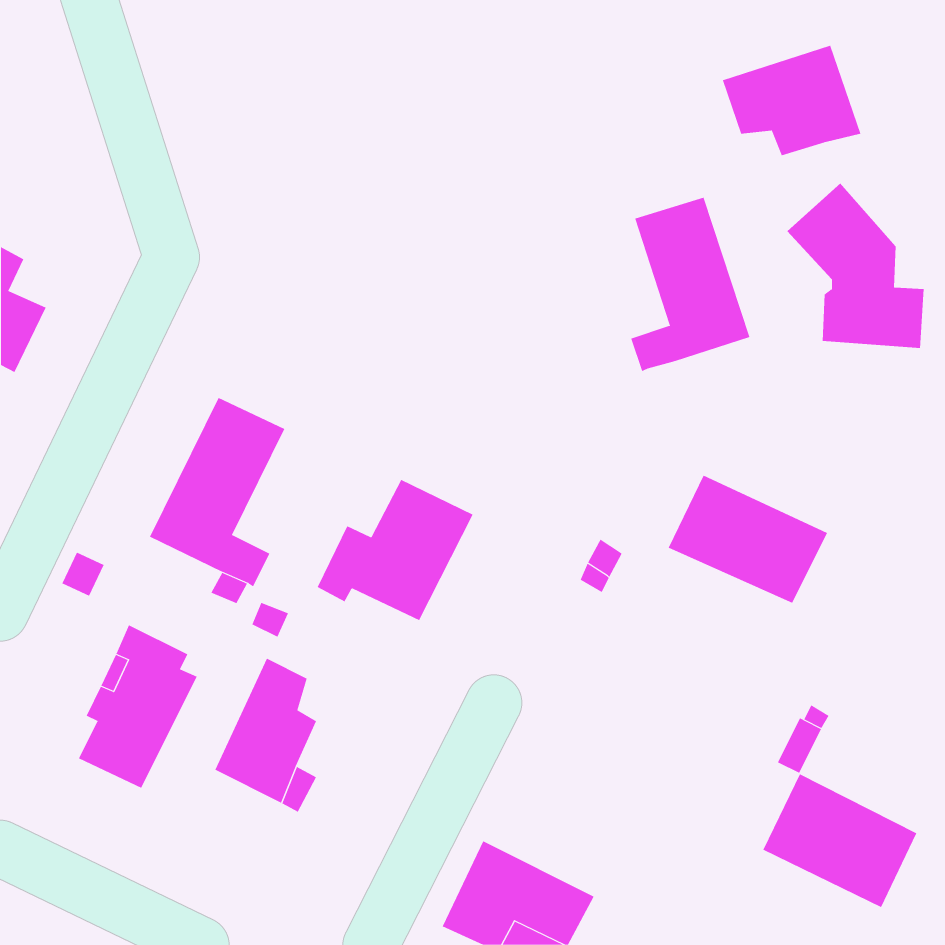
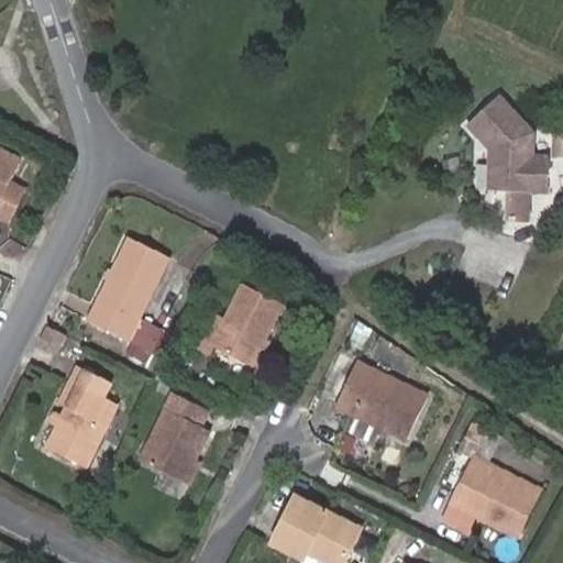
building: [722,45,861,156] -> none
building: [631,197,750,372] -> none
building: [668,475,828,604] -> [323,362,418,438]

